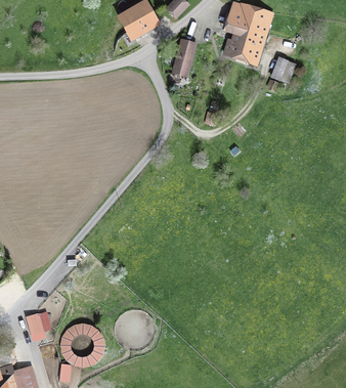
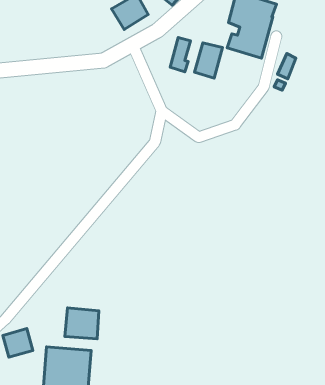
building: none -> [194,43,222,78]
building: none -> [65,308,99,339]

